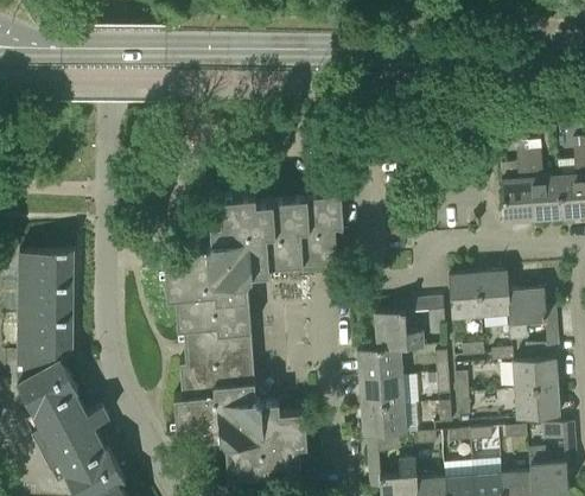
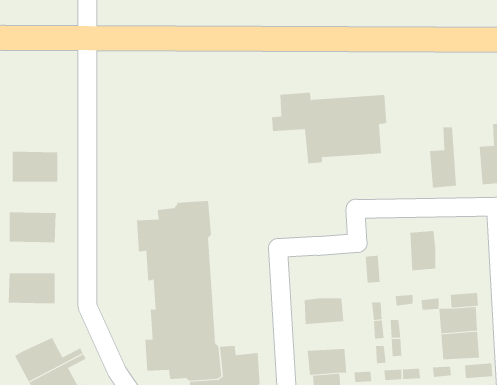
building: [528,151,561,220] -> none
building: [210,193,343,275] -> [271,92,387,164]
building: [449,273,481,318] -> none
building: [19,284,72,319] -> [12,151,58,182]
building: [509,288,546,337] -> none
building: [374,310,425,348] -> none
building: [18,354,77,409] -> none
building: [358,375,405,408] -> none

